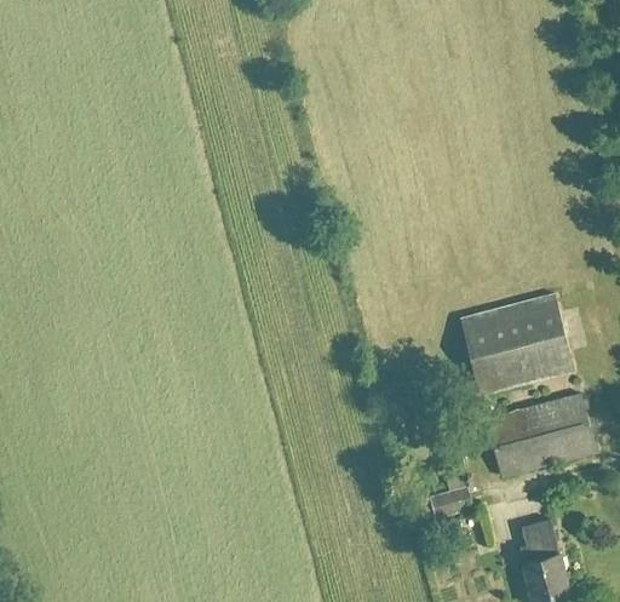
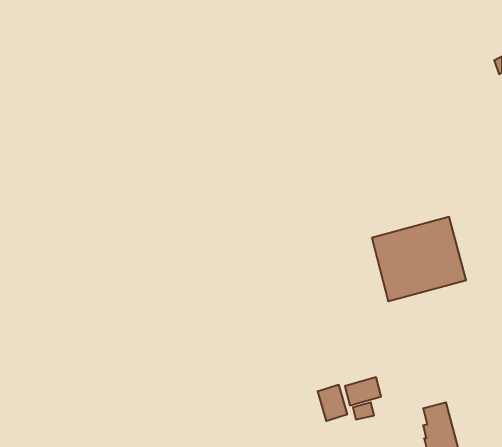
building: [486,394,595,477] -> none
building: none -> [318,385,347,421]

